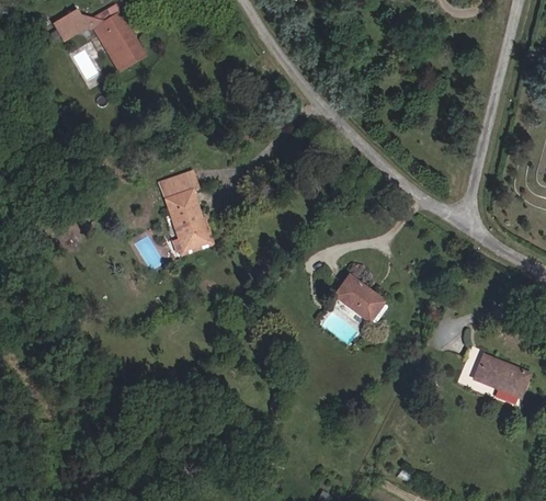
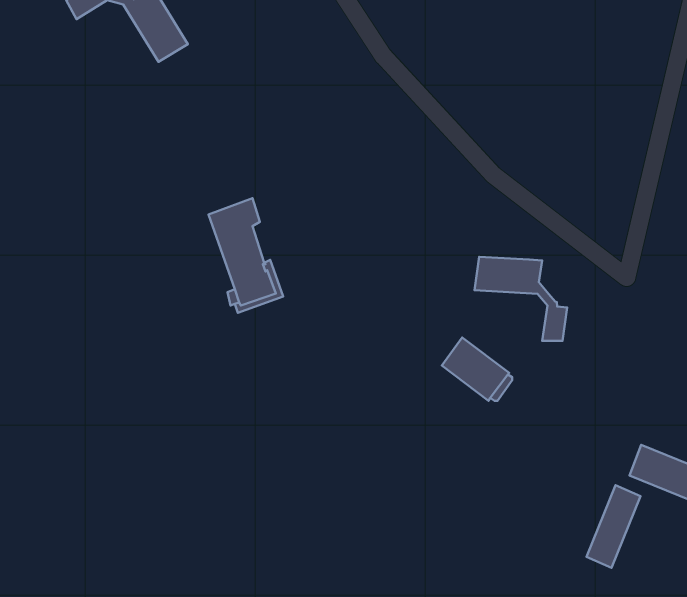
building: none -> [475,257,567,341]
building: none -> [587,485,640,568]

